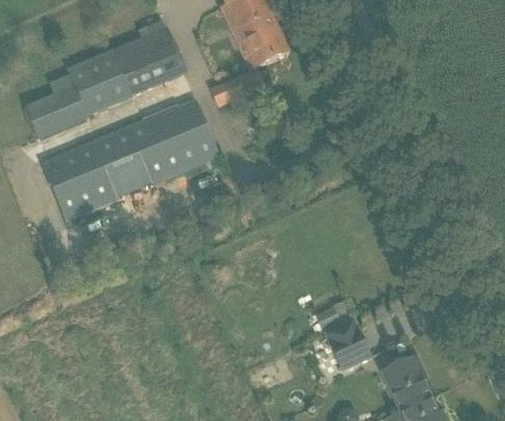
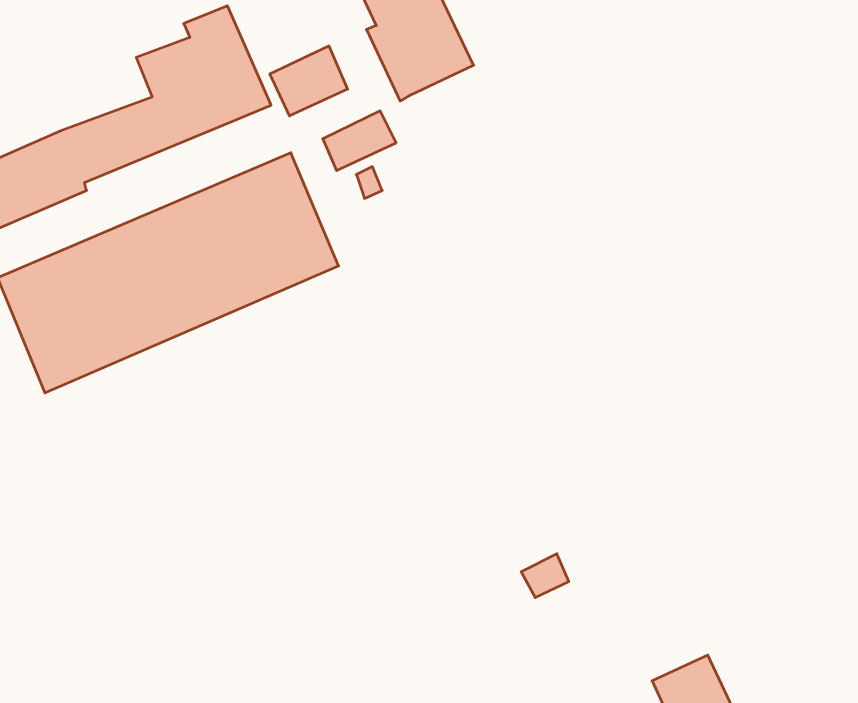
building: none -> [270,46,348,116]
building: [66,48,122,86] -> none
building: [325,319,370,370] -> none

